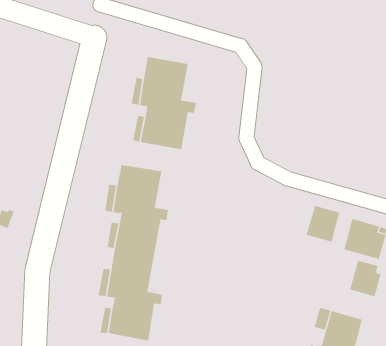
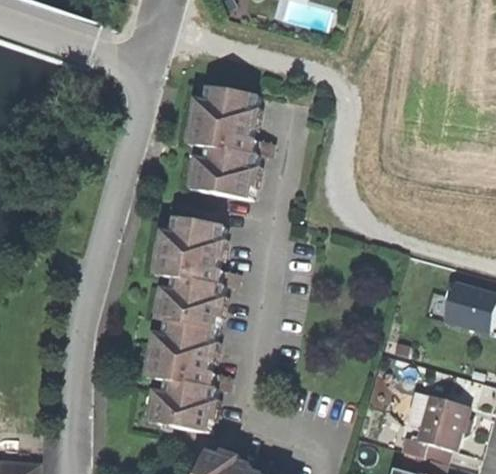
building: [306,205,340,242] -> none
building: [350,260,381,297] -> none

